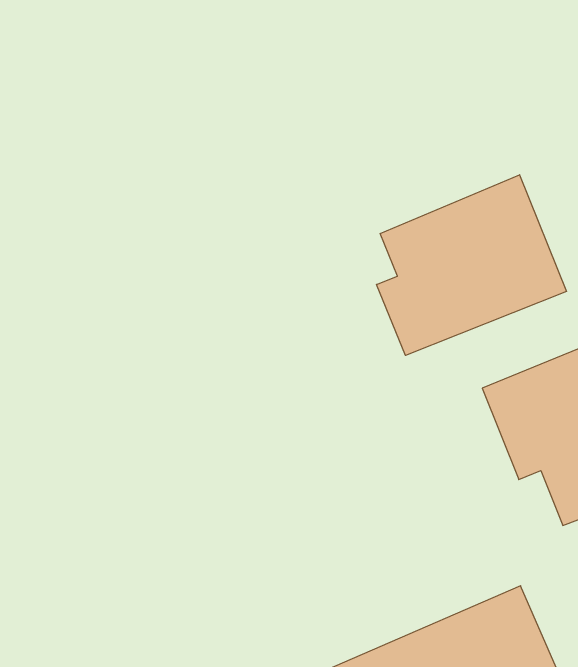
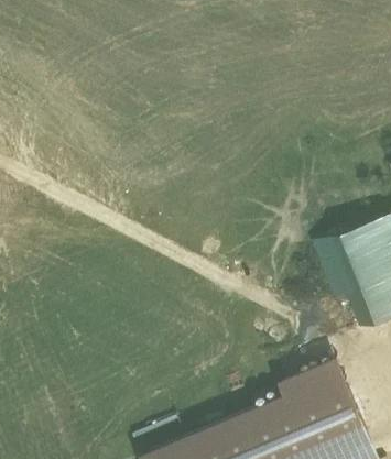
building: [377,175,567,355] -> none

